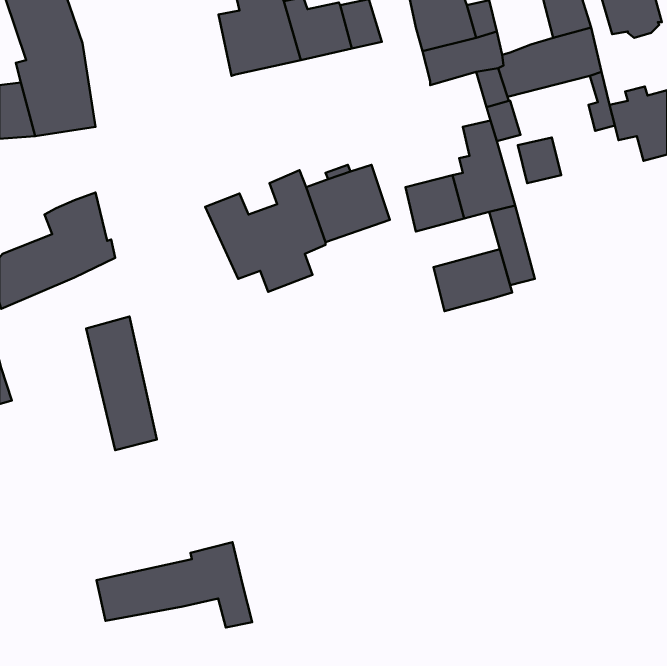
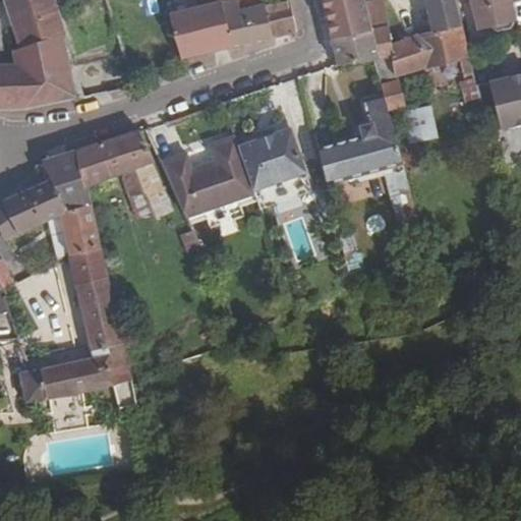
building: none -> [74,129,173,217]
building: [433,249,512,311] -> none
building: none -> [58,200,101,255]
building: [96,542,252,627] -> [16,342,137,408]

